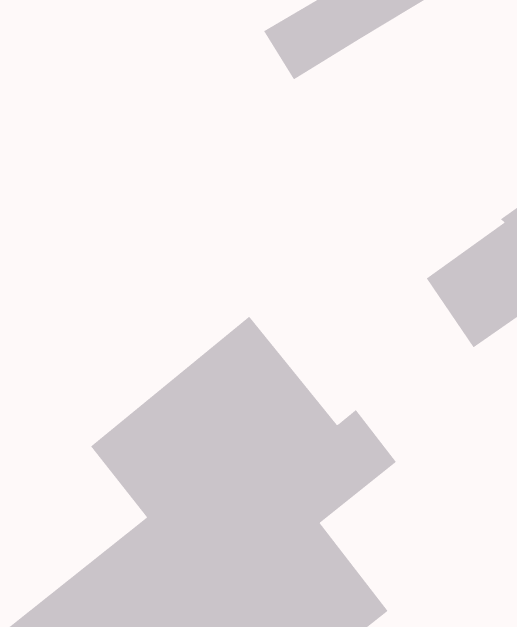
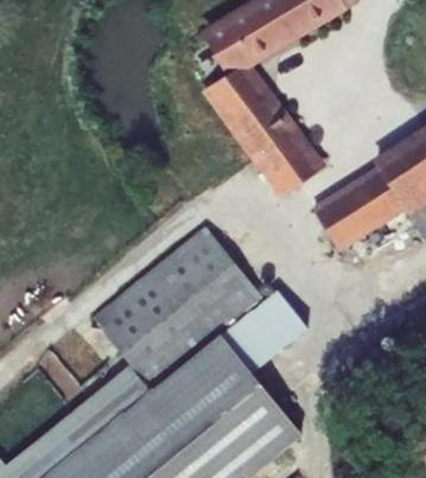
building: none -> [209,64,313,187]

